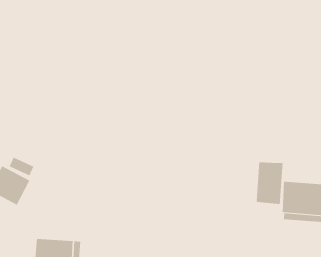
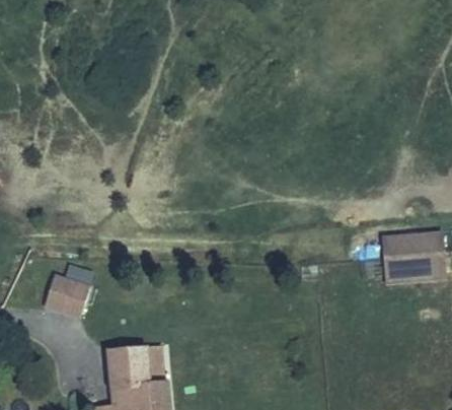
building: [256,162,283,205] -> none

